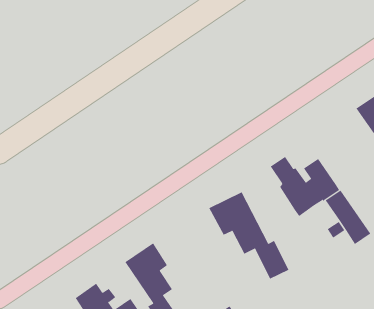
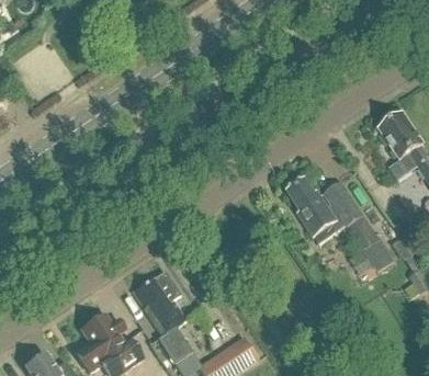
building: [208,192,289,279] -> none

